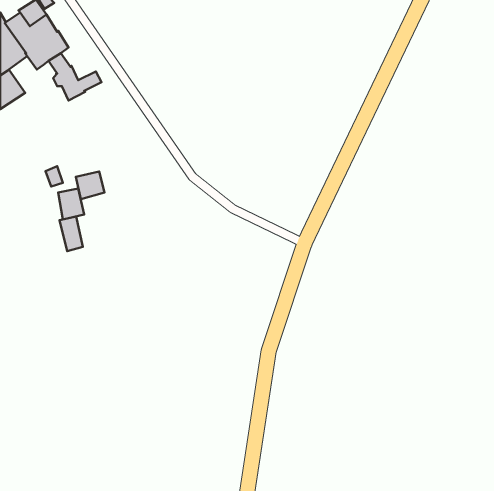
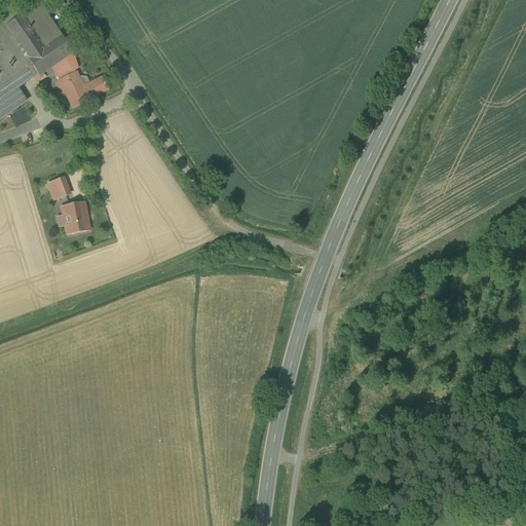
building: [76,172,105,199] -> none
building: [59,217,83,251] -> none

